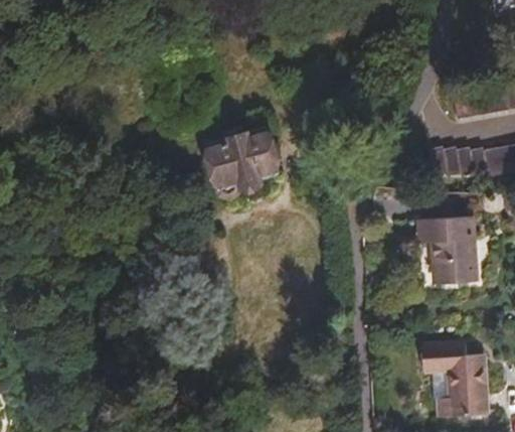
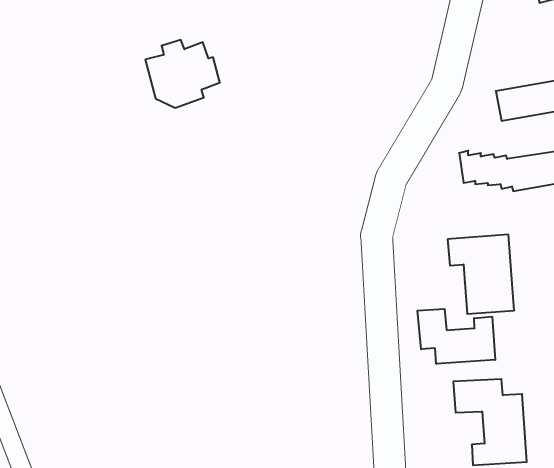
building: [210,135,276,194] -> [145,40,220,108]
building: none -> [418,309,495,364]

